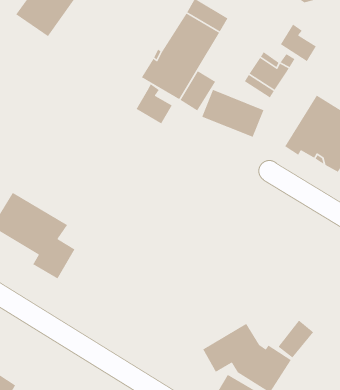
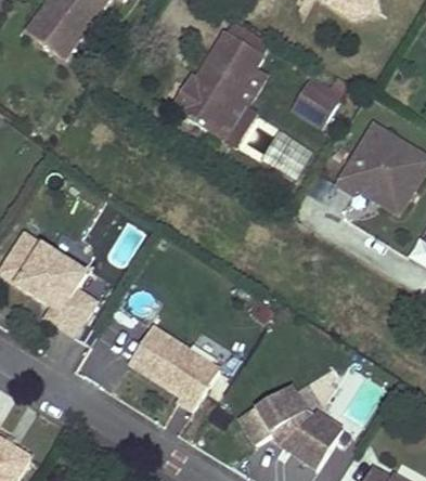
building: [280,23,317,62] -> none
building: [136,83,173,125] -> none
building: none -> [132,325,222,410]
building: [278,320,314,359] -> none

